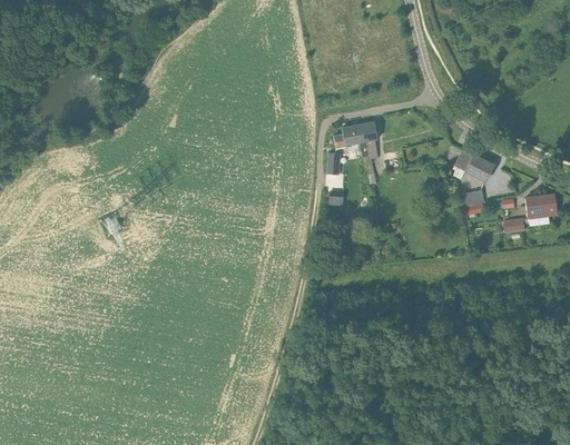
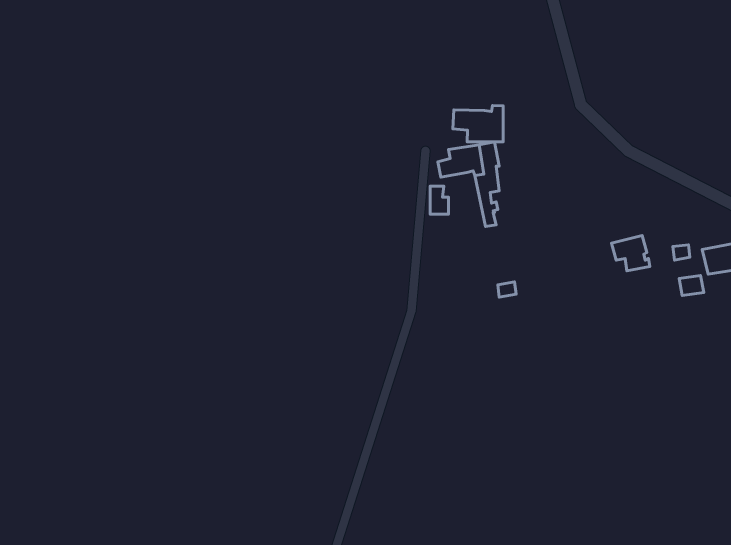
building: none -> [453,106,503,142]
building: [453,149,493,181] -> none

